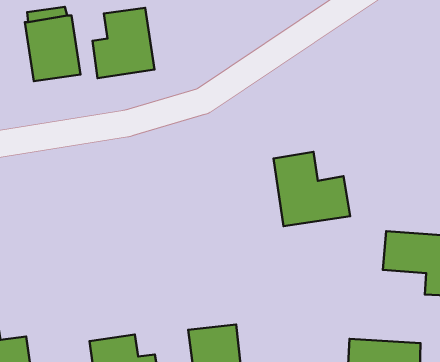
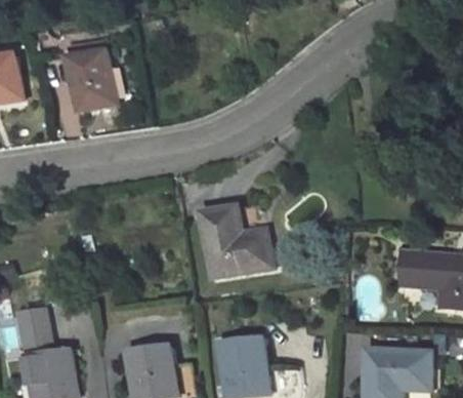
building: [93,8,155,78] -> none
building: [273,152,350,226] -> [201,206,271,275]

